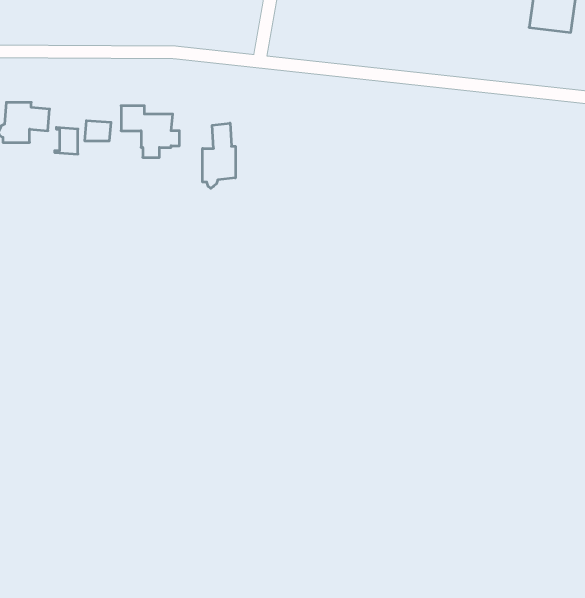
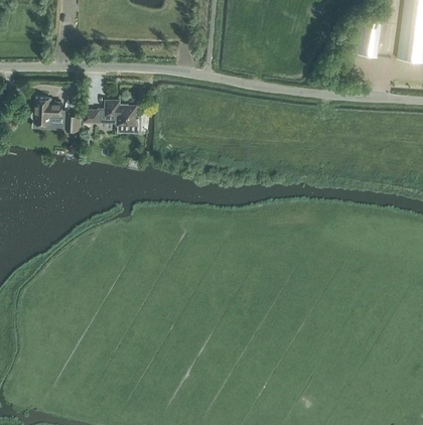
building: [203,123,235,188] -> none

